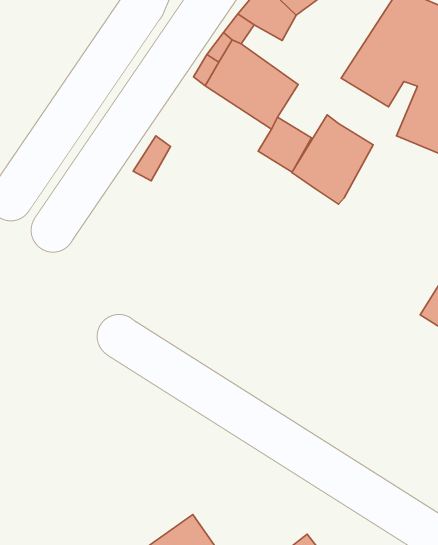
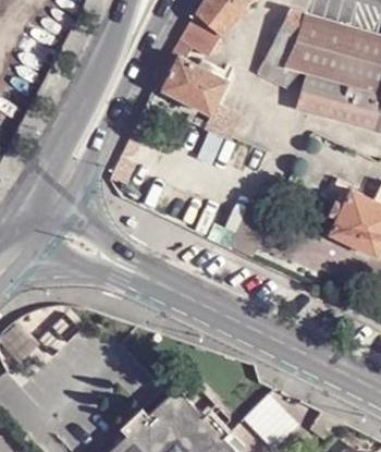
building: [292,115,373,204] -> none

